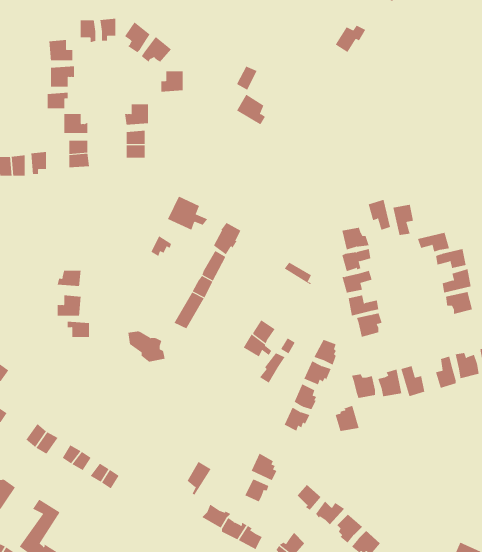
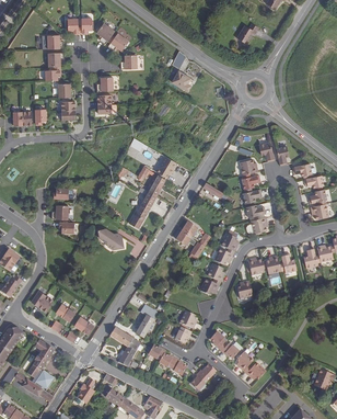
building: none -> [109,326,140,366]

